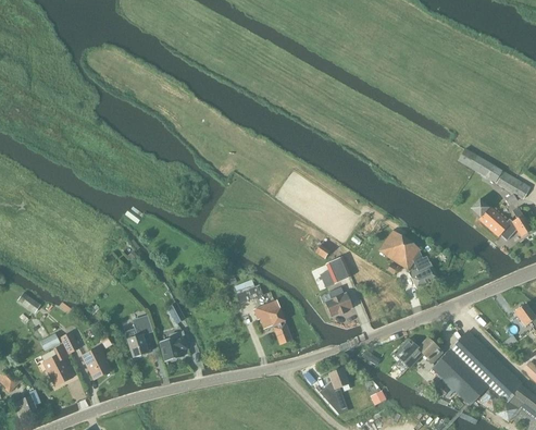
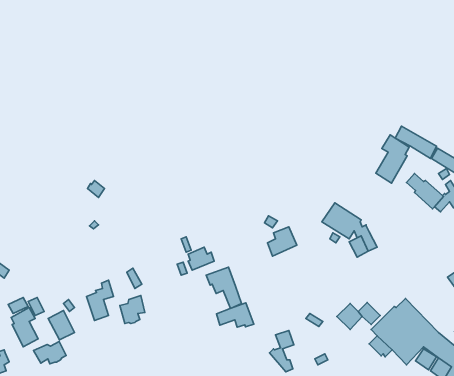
building: none -> [376,135,409,183]
building: [325,286,352,317] -> none
building: none -> [217,303,254,327]
building: none -> [34,342,66,364]

